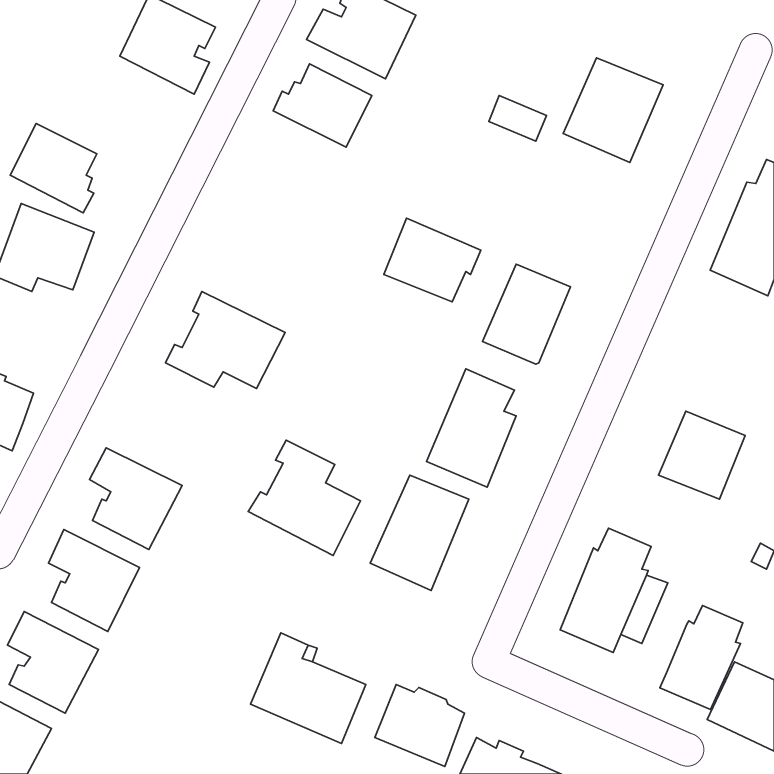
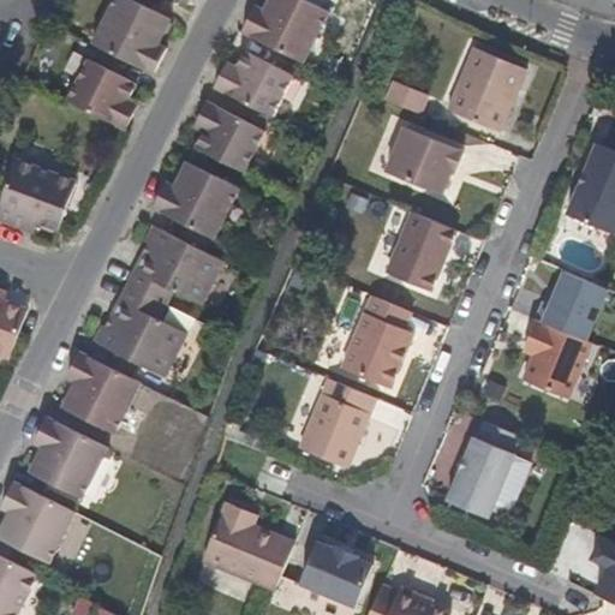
building: [10,123,97,213] -> [68,60,137,131]
building: none -> [197,102,267,173]
building: none -> [157,162,245,240]
building: [384,218,481,302] -> [381,123,458,189]
building: none -> [539,268,608,339]
building: [248,440,361,556] -> [101,287,190,378]
building: [660,606,743,710] -> none

